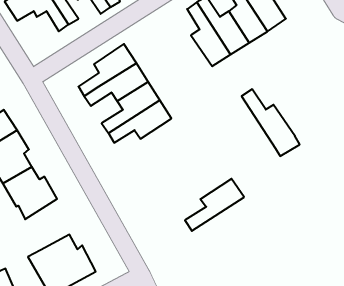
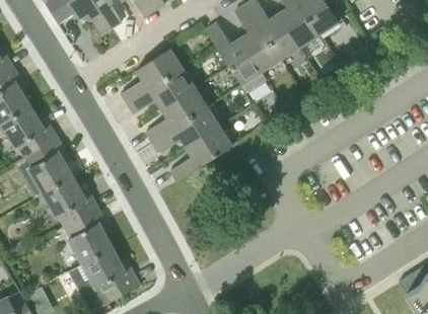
building: [242,89,300,156] -> [205,23,266,93]
building: [185,179,244,231] -> [169,127,231,181]
building: none -> [65,211,112,264]

